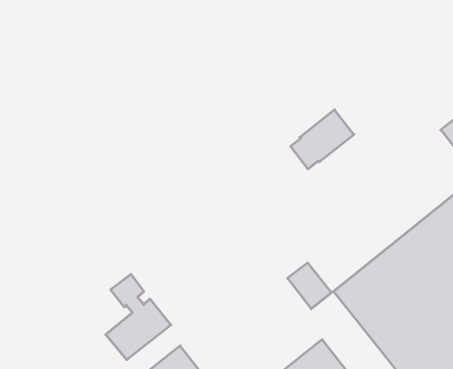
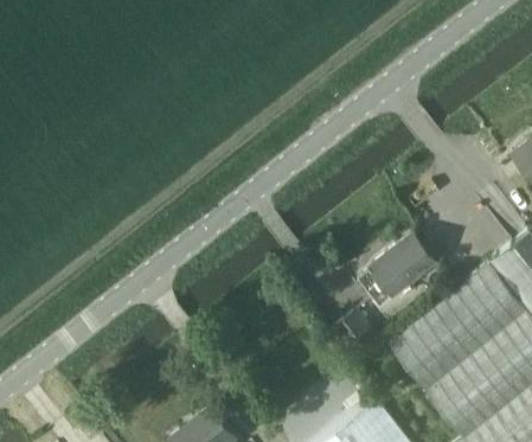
building: [291,110,354,169] -> [361,235,435,303]
building: [106,274,171,360] -> none

